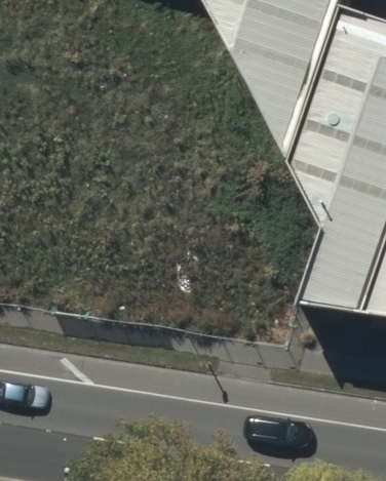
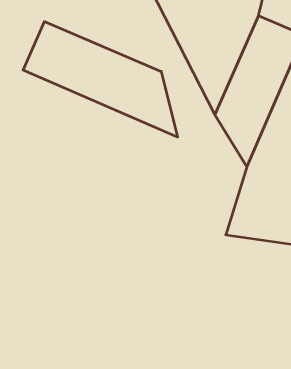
building: none -> [23,22,178,137]

